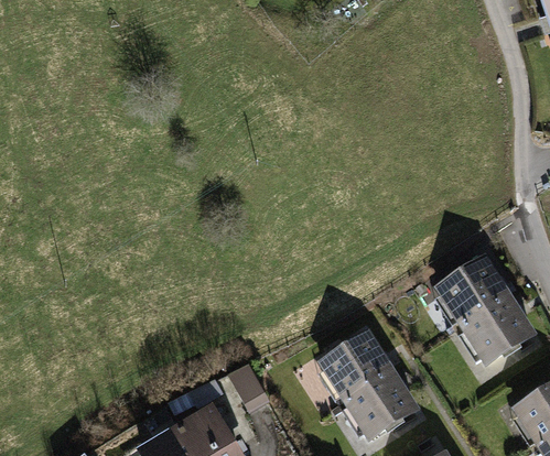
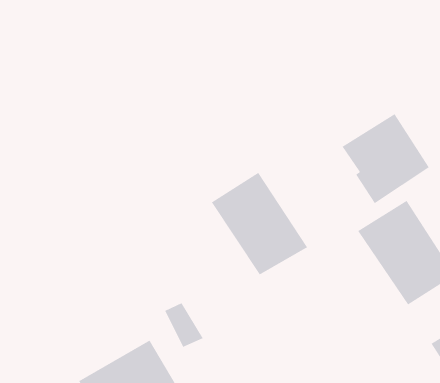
building: none -> [342,113,430,204]
building: [316,330,420,441] -> [211,172,308,276]

